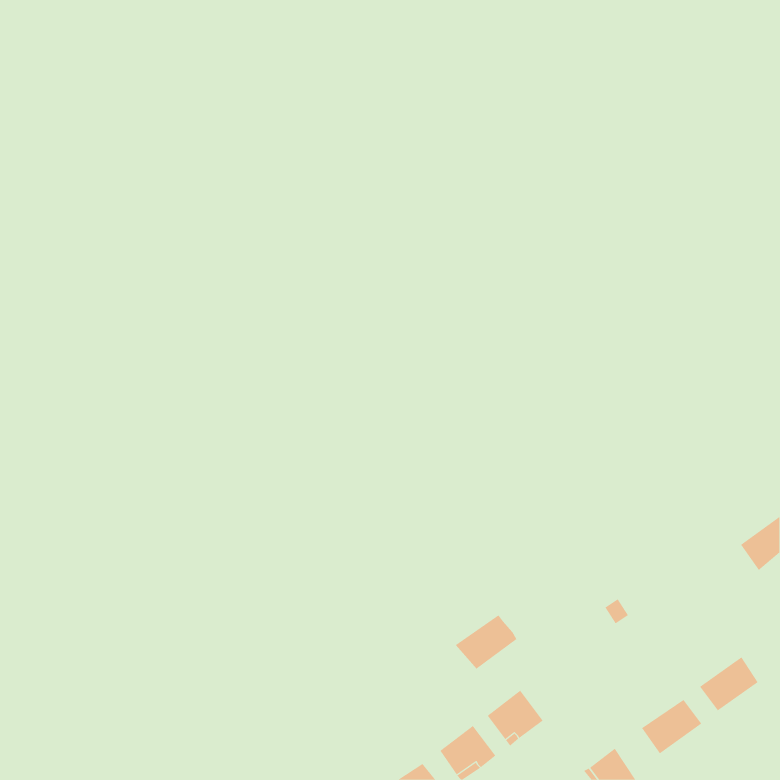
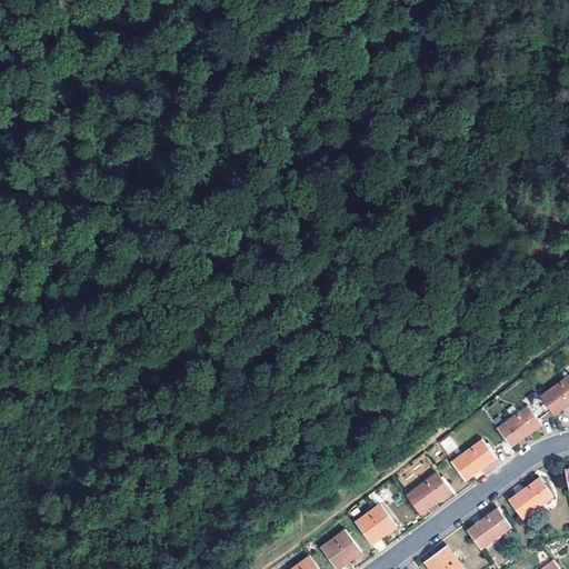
building: none -> [497,407,541,448]
building: none -> [452,440,496,480]
building: [455,615,517,670] -> [406,473,451,513]

